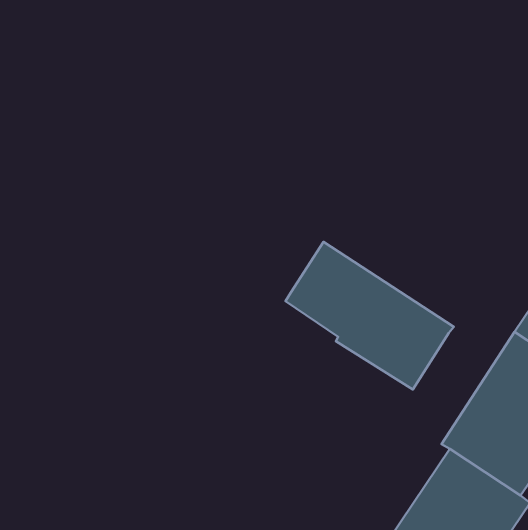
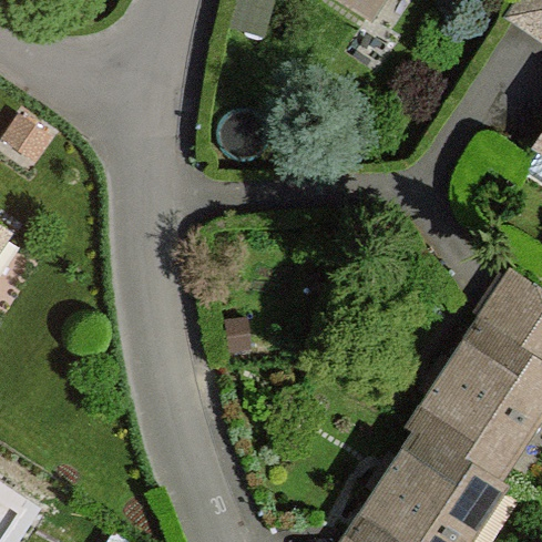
building: [286,242,454,390] -> none

